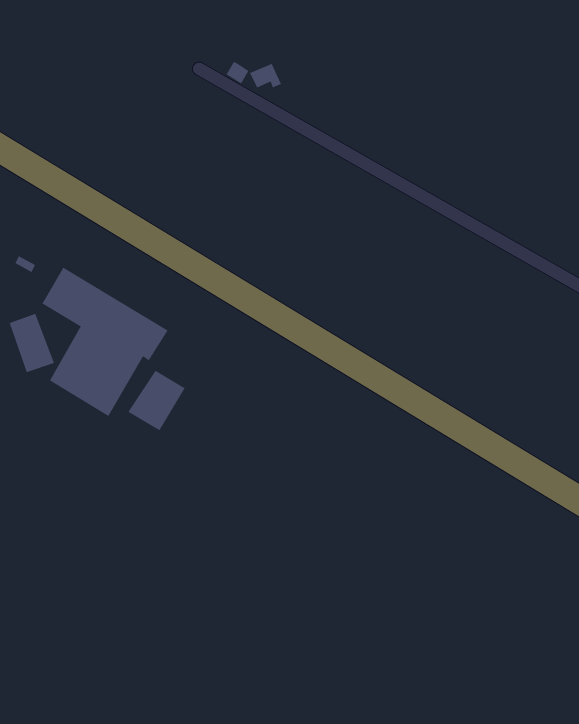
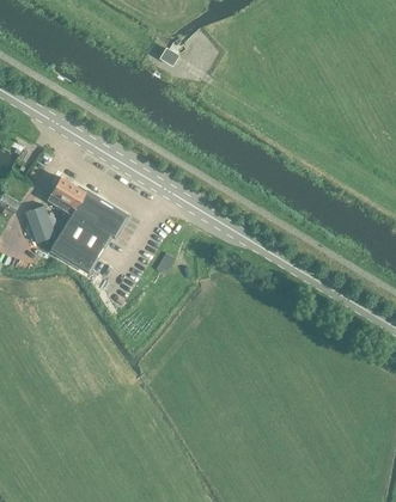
building: [127,370,185,431] -> none

